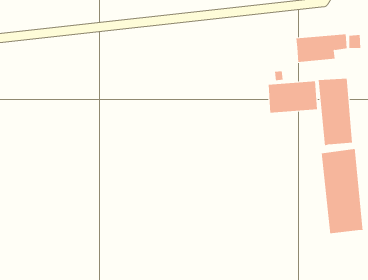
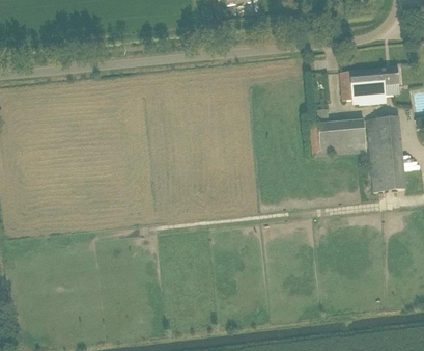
building: [321,148,363,234] -> none

